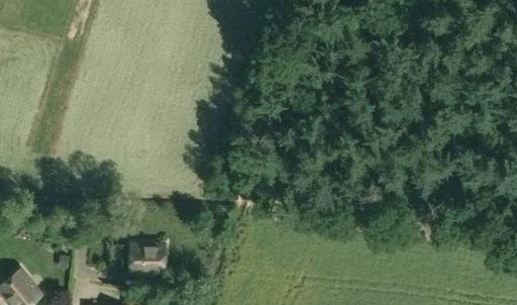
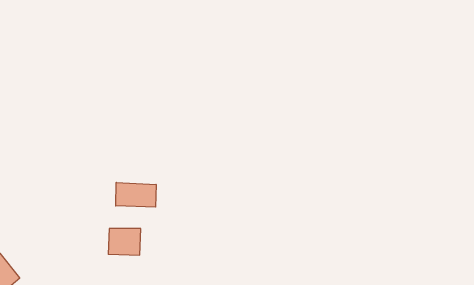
building: none -> [116,182,156,207]

